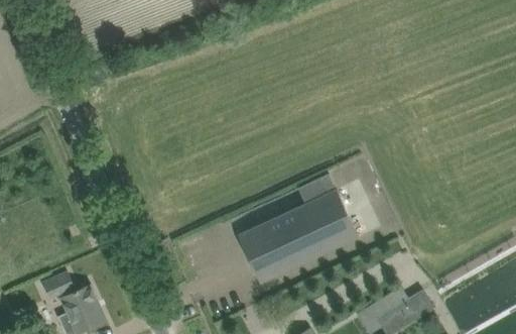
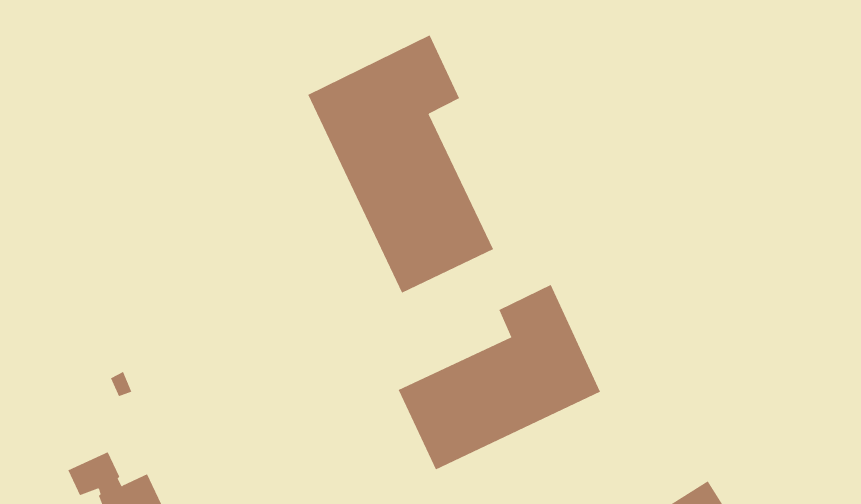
building: none -> [308,34,494,294]

